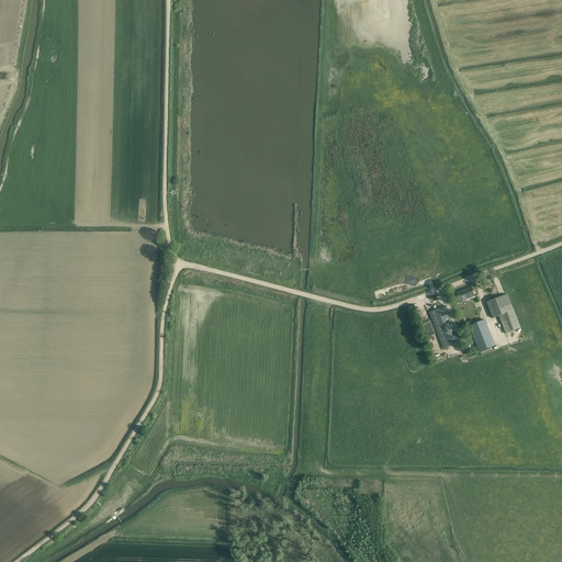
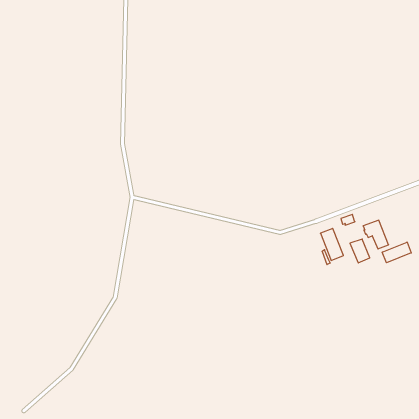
building: none -> [382,242,411,263]

